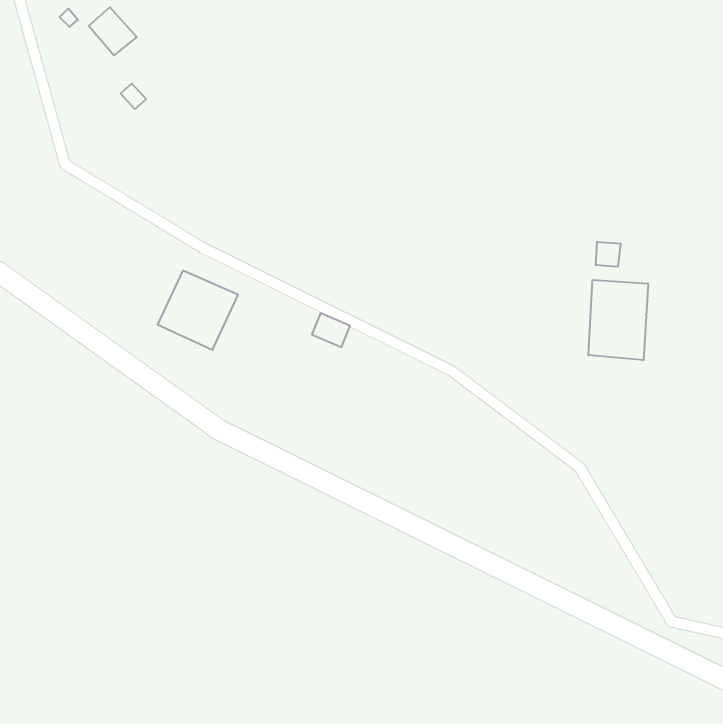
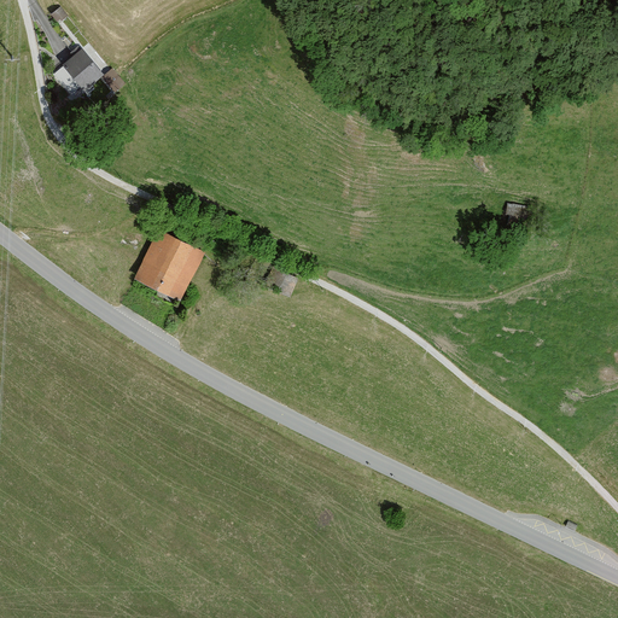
building: [89,7,137,55] -> [62,52,103,93]
building: [588,280,648,360] -> none

